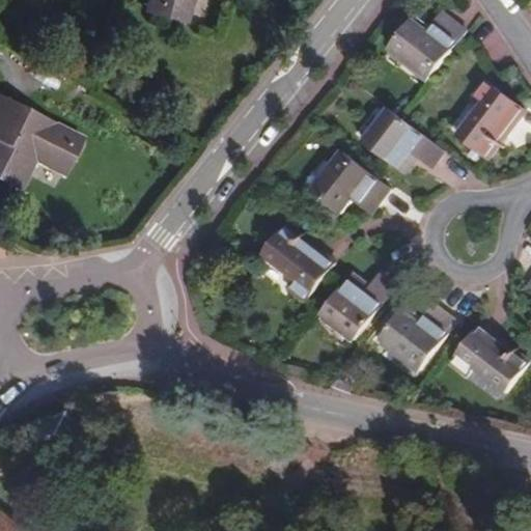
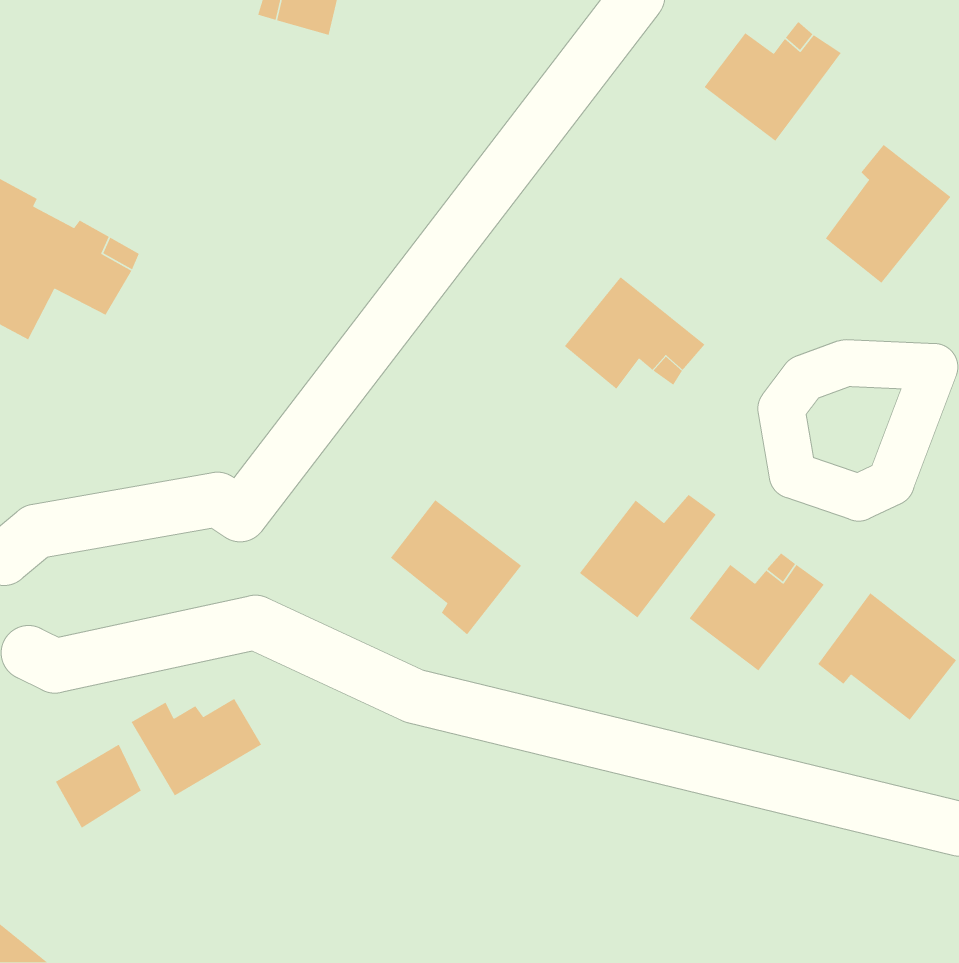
building: [361,108,440,170] -> none
building: [259,225,332,300] -> [390,499,522,636]
building: none -> [130,698,262,796]

